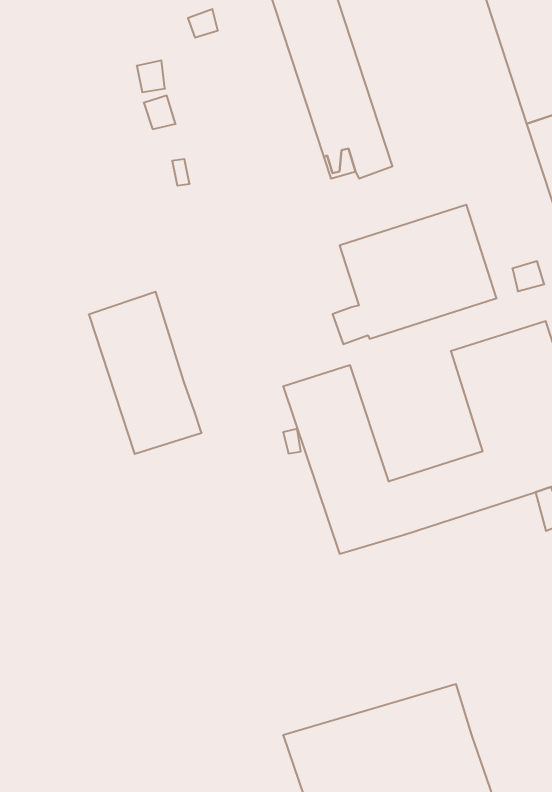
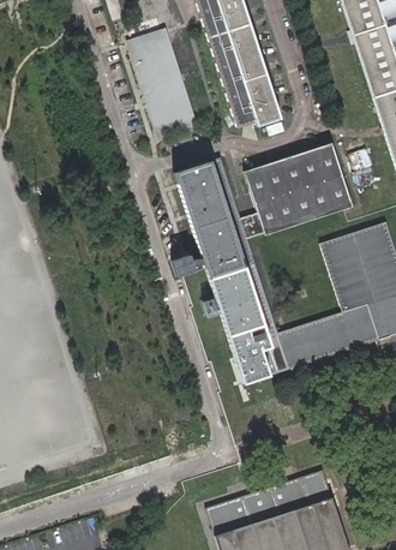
building: none -> [132,32,198,136]
building: [89,292,202,454] -> [175,157,252,268]

